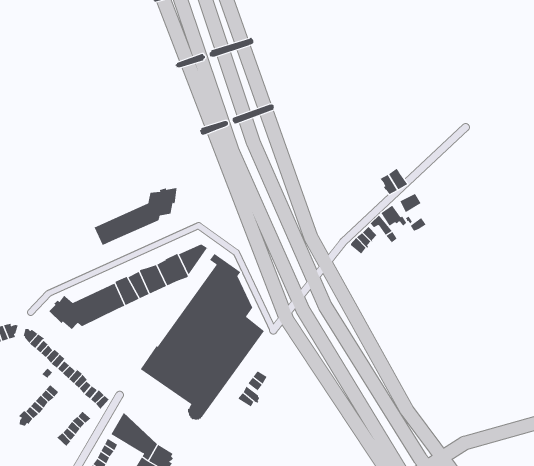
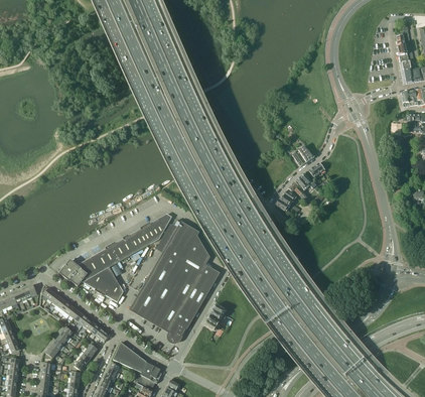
building: [94,187,177,246] -> none
building: none -> [85,267,123,301]

